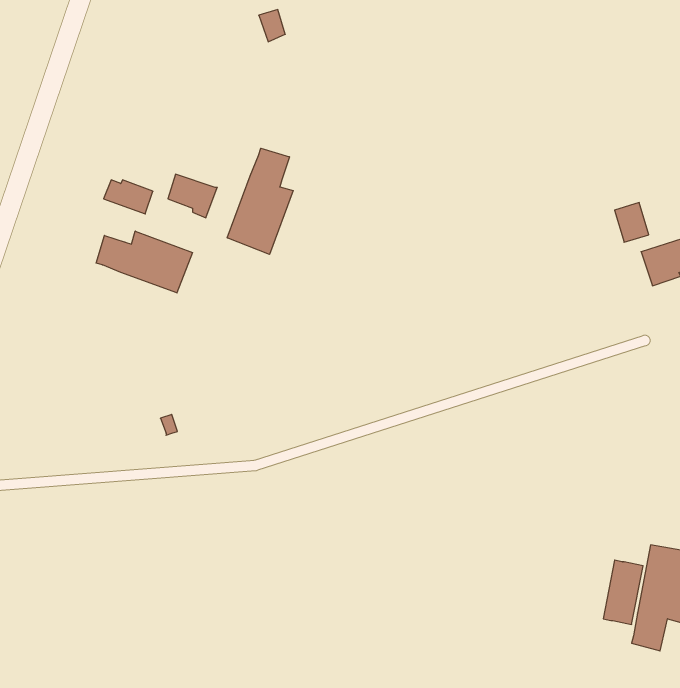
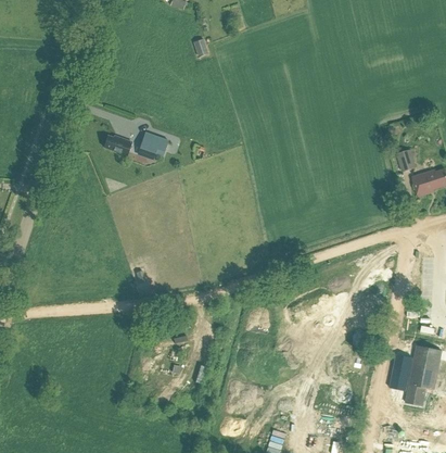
building: [227,148,293,254] -> none
building: [96,231,193,293] -> none

